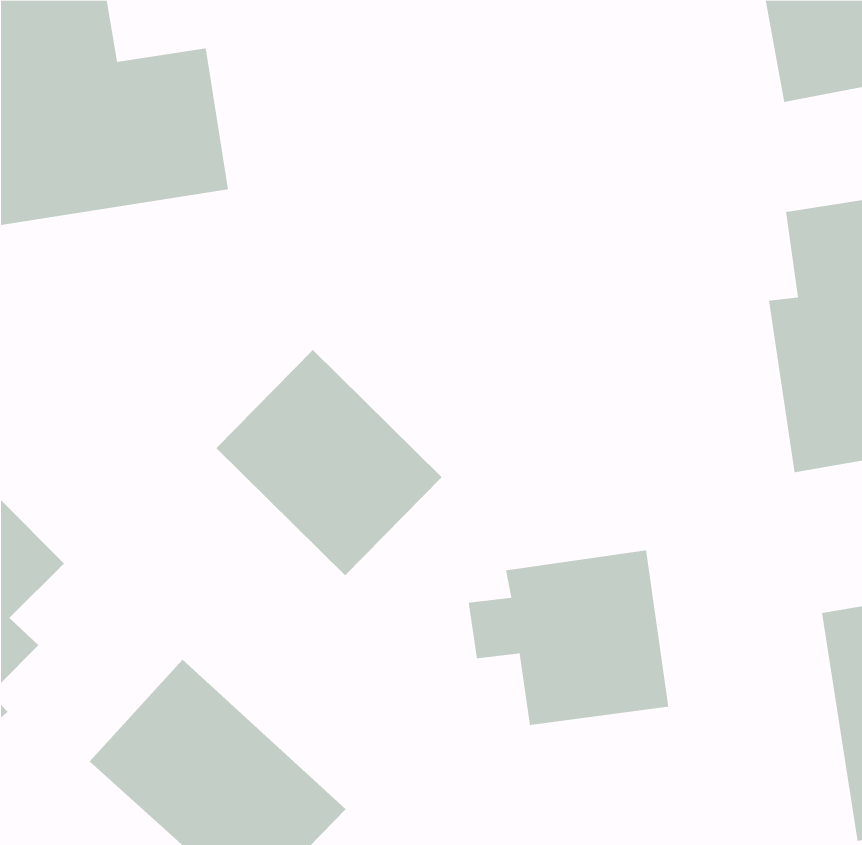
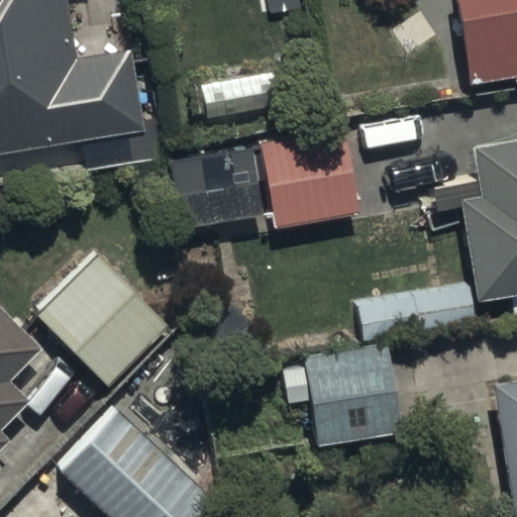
building: none -> [171,125,357,223]
building: [215,349,442,576] -> [35,252,170,387]

